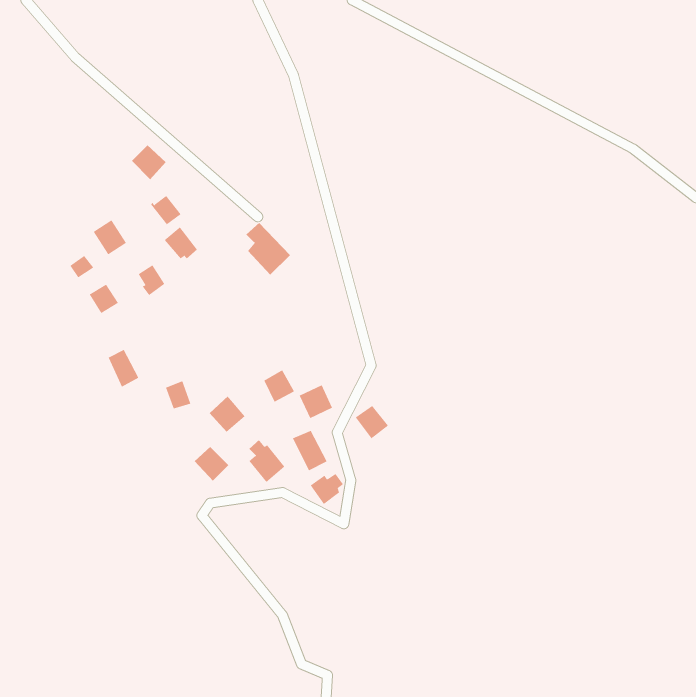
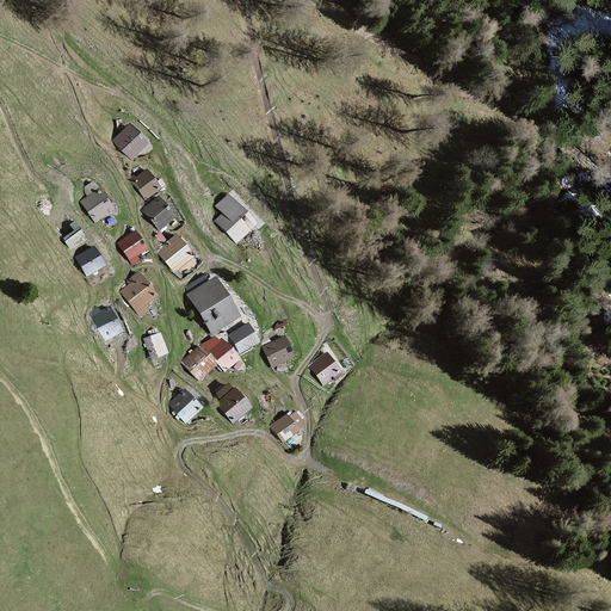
building: none -> [158,235,190,270]
building: none -> [122,272,156,315]
building: none -> [189,278,239,332]
building: [292,430,328,471] -> [208,333,239,369]

